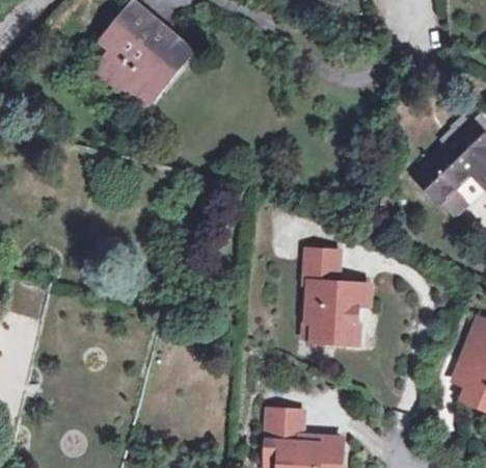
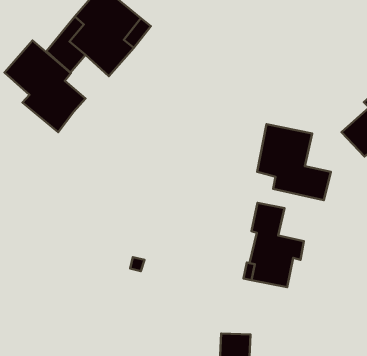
building: none -> [5,40,85,132]
building: none -> [257,124,331,200]

